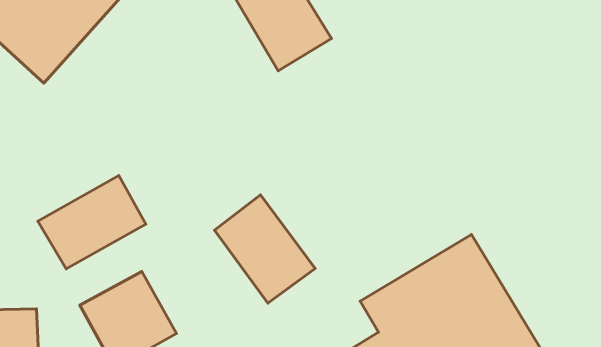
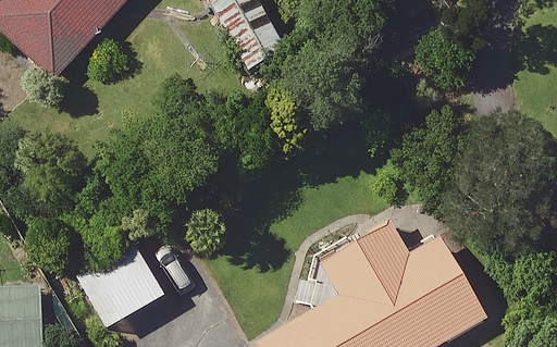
building: [38,175,146,269] -> none
building: [215,195,315,303] -> none

